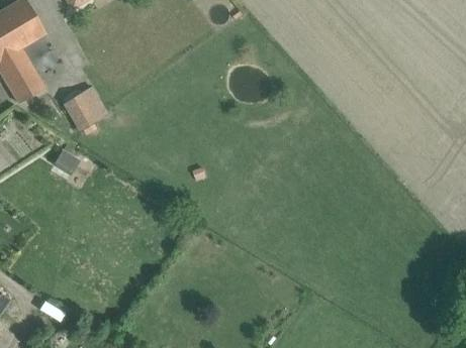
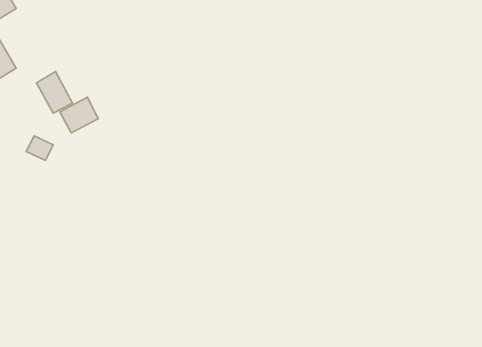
building: none -> [60,97,98,133]

